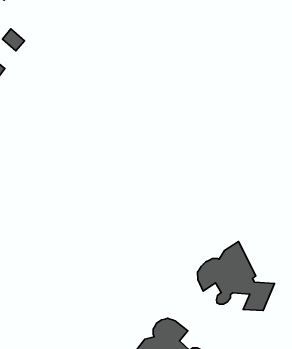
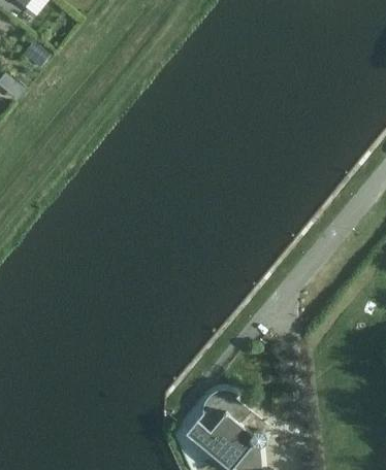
building: [198,241,275,311] -> none

